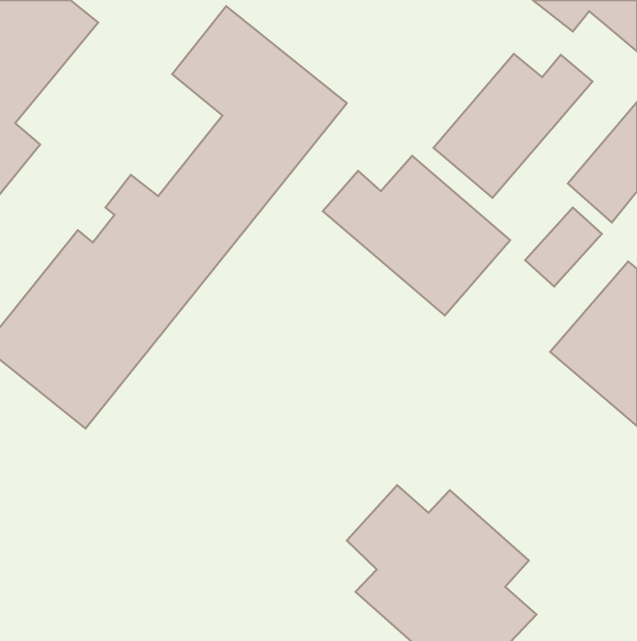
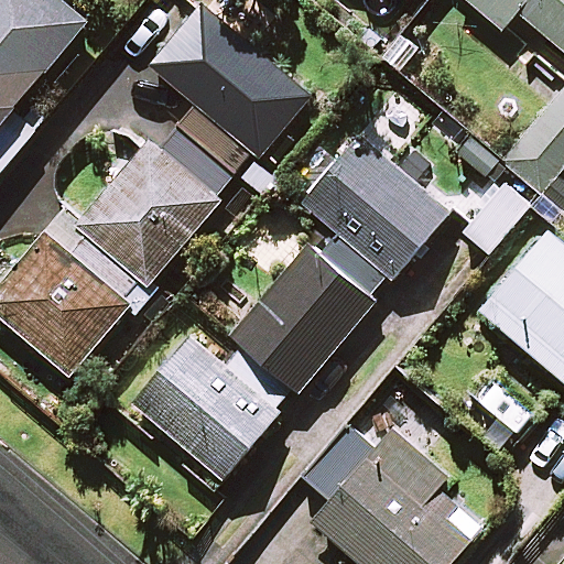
building: [433,54,592,198] -> none
building: none -> [134,247,390,479]

